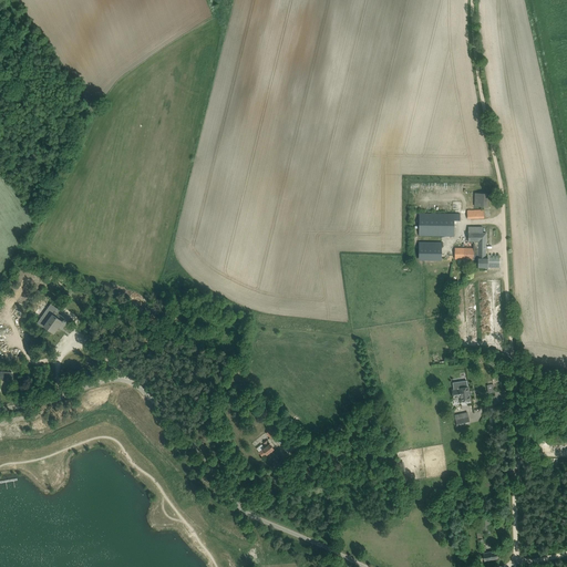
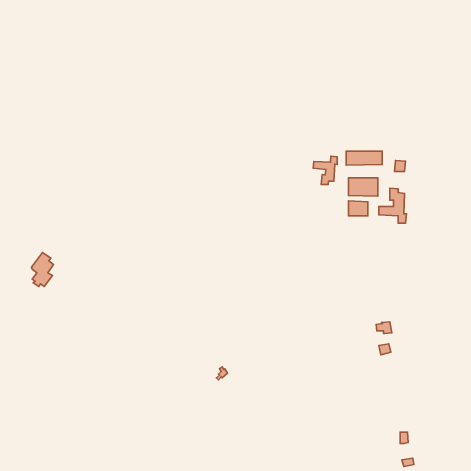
building: none -> [346,151,382,165]
building: none -> [313,156,337,184]

